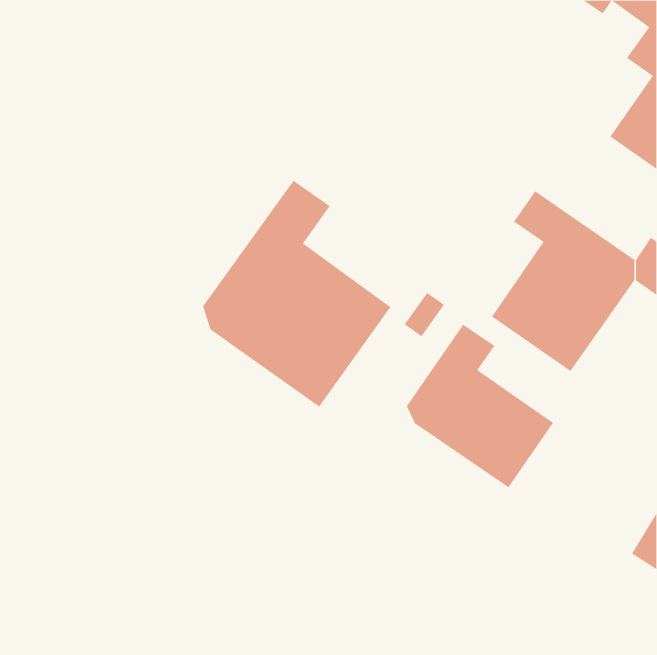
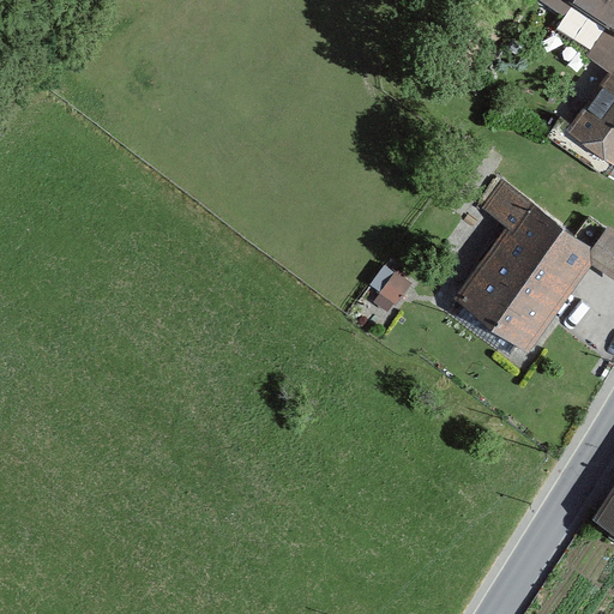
building: [203,180,391,407] -> none
building: [406,324,554,488] -> none

